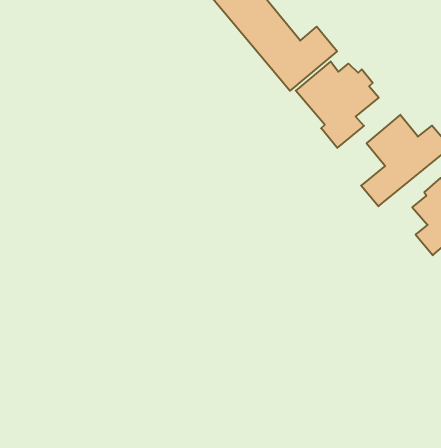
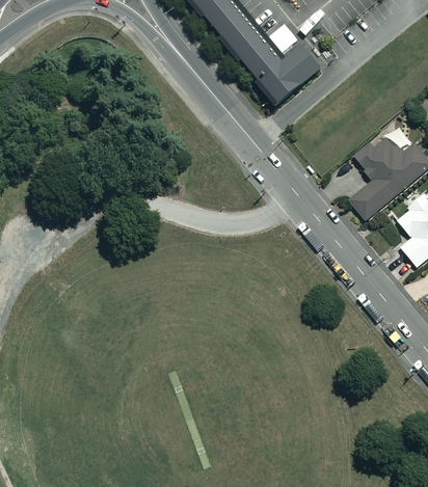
building: [296,61,379,148] -> none

